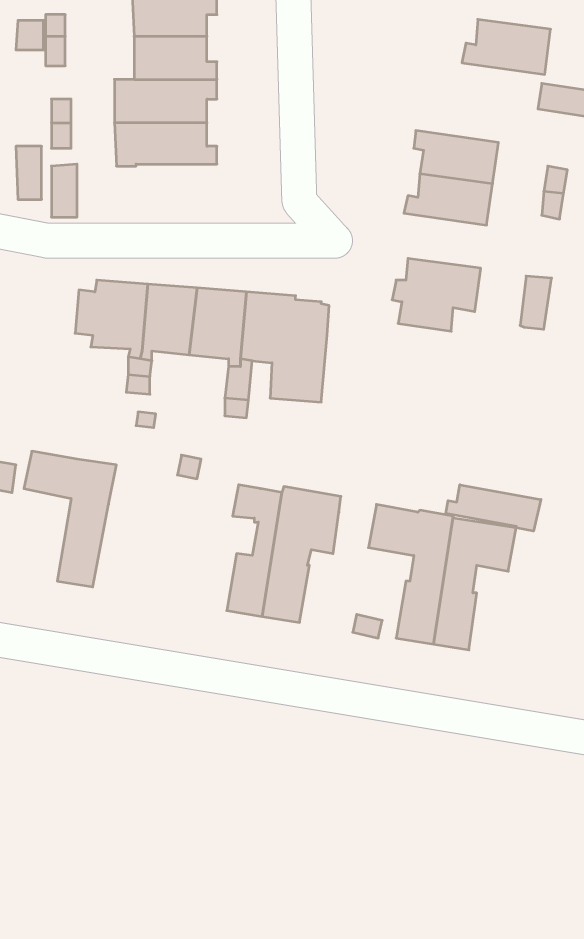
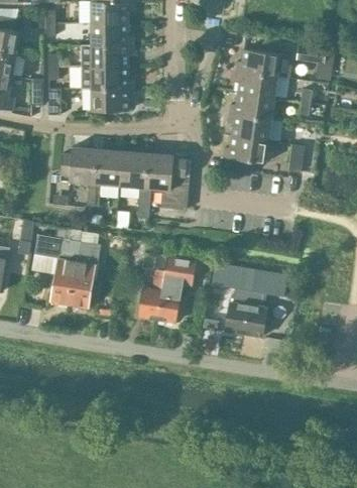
building: [462,19,551,74] -> [235,48,280,77]
building: none -> [92,88,133,111]
building: none -> [228,113,271,141]
building: none -> [70,242,101,308]
building: [446,485,541,531] -> none

